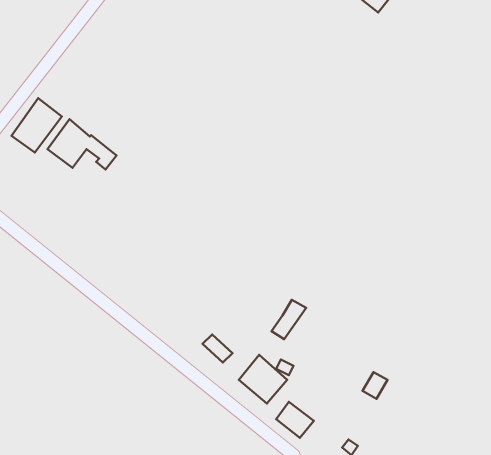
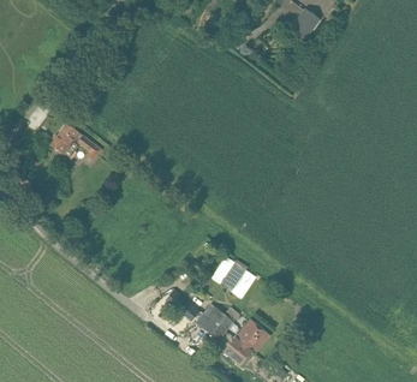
building: [11,98,62,152] -> none
building: none -> [234,320,269,353]

